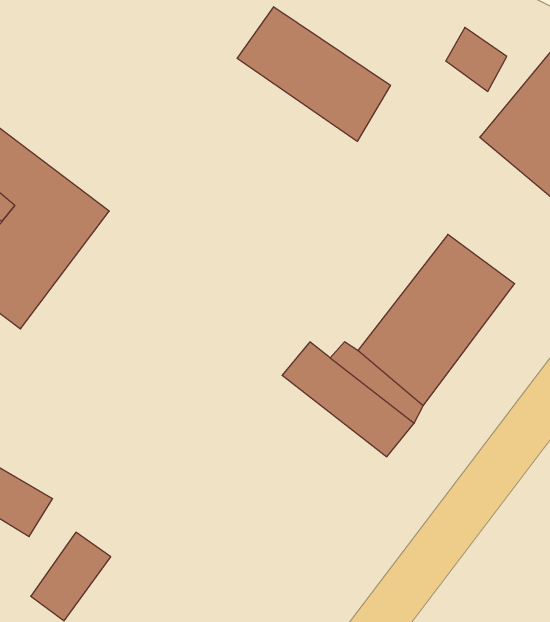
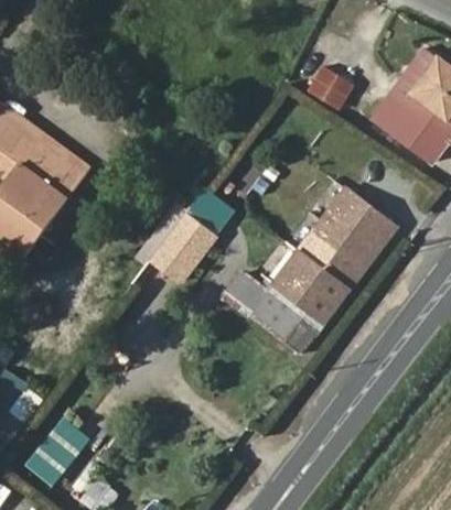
building: [237,7,390,141] -> none
building: [446,27,507,91] -> [308,64,354,112]
building: none -> [151,181,235,283]

